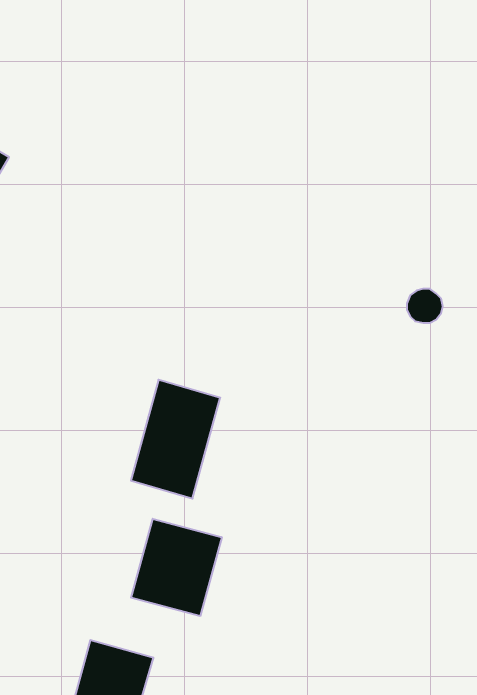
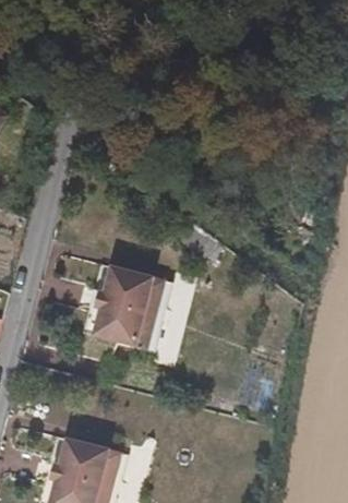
building: [131,519,222,616] -> none

